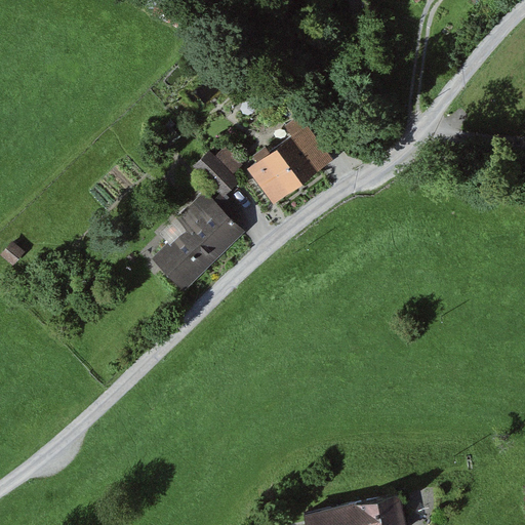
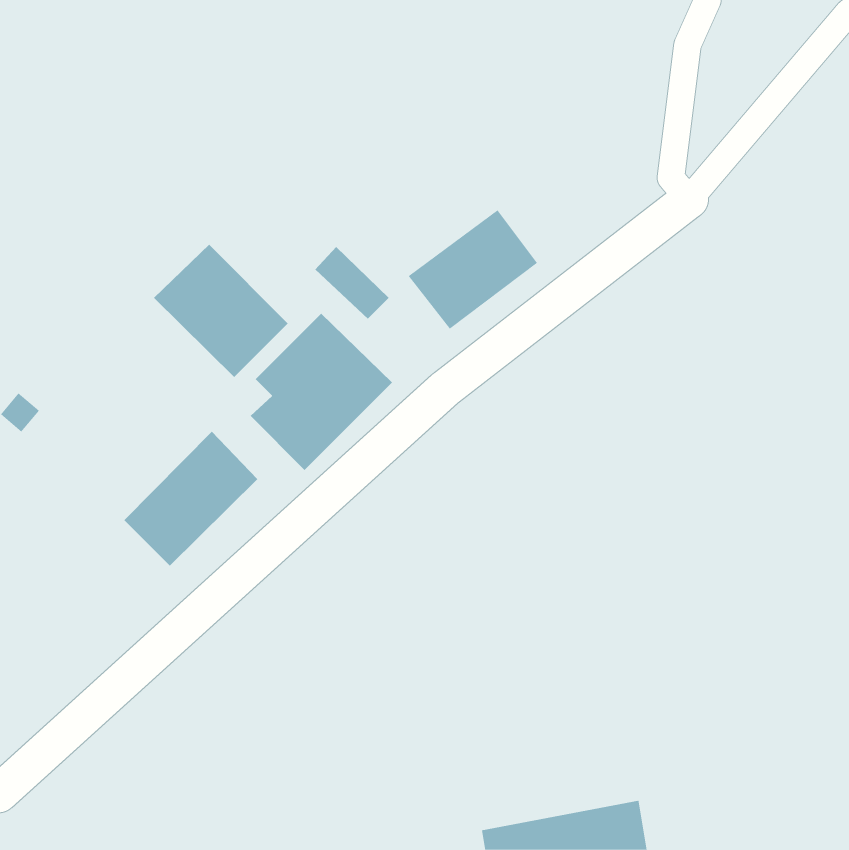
building: none -> [153,244,289,378]
building: none -> [124,431,258,567]

